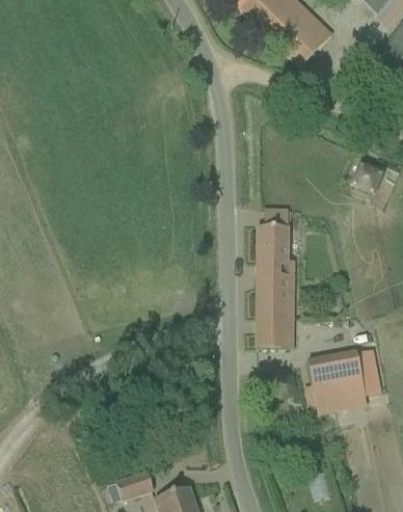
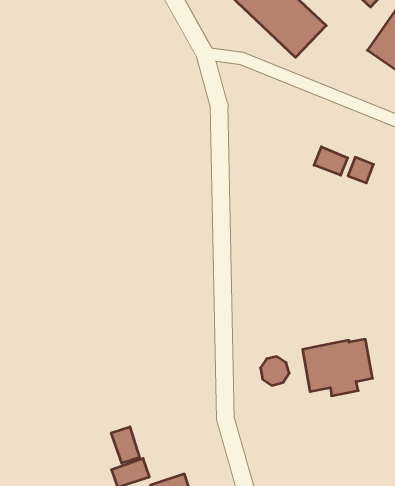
building: none -> [314,147,348,175]
building: [257,223,296,346] -> none
building: none -> [111,427,139,463]

